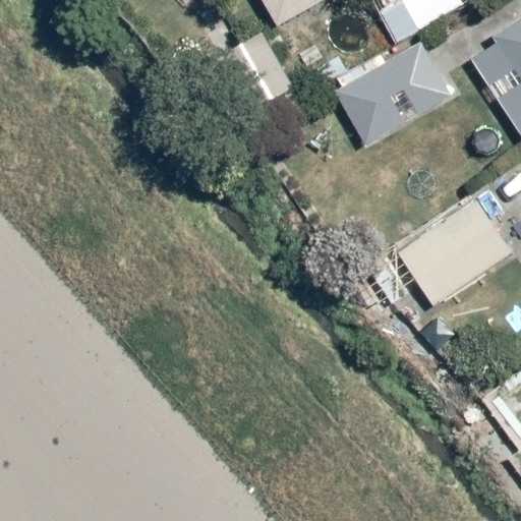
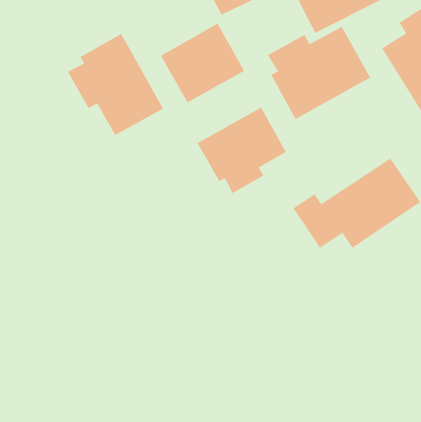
building: none -> [67,33,164,136]
building: none -> [197,106,287,194]

